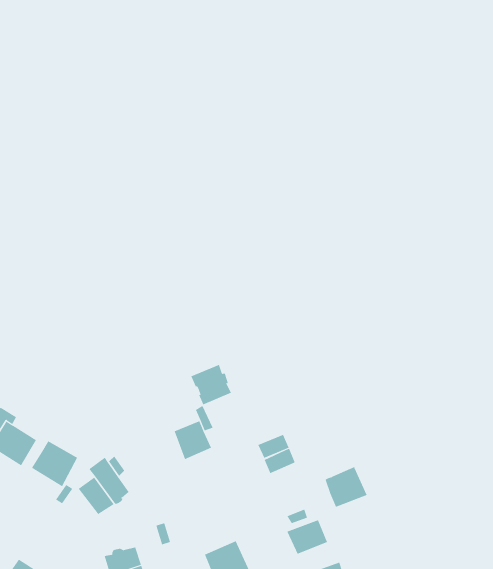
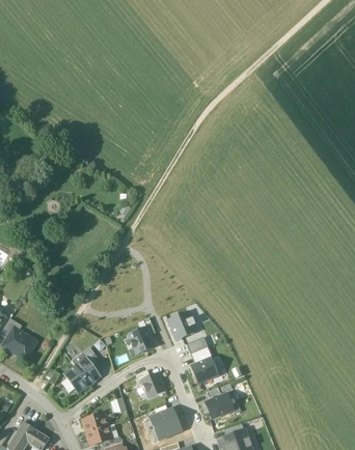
building: [191,364,232,405] -> [168,312,196,340]
building: [31,440,78,487] -> none
building: [325,466,368,507] -> [190,357,219,385]
building: none -> [140,372,165,399]

